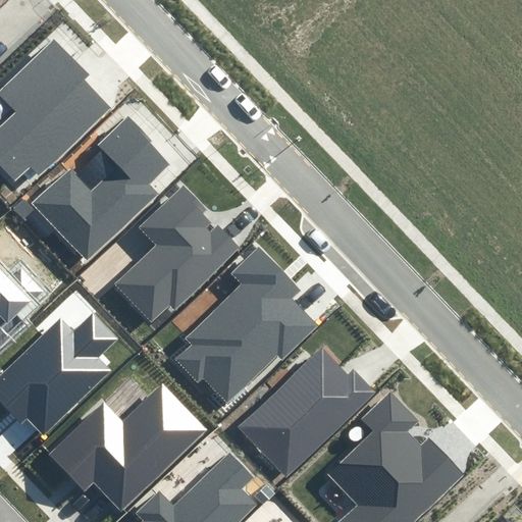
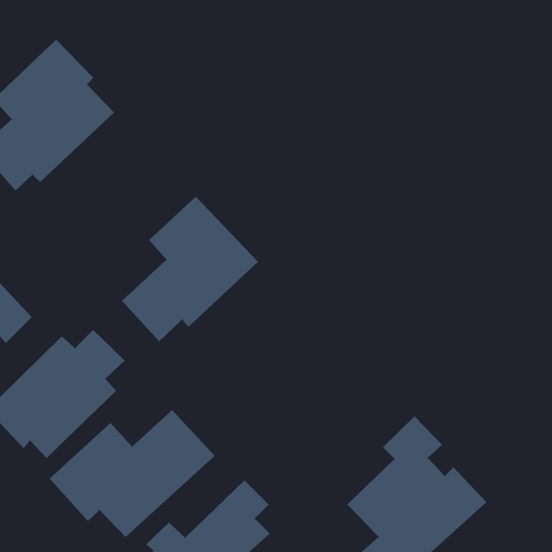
building: [33,119,169,259] -> none
building: [174,248,318,404] -> none
building: [243,350,376,476] -> none

